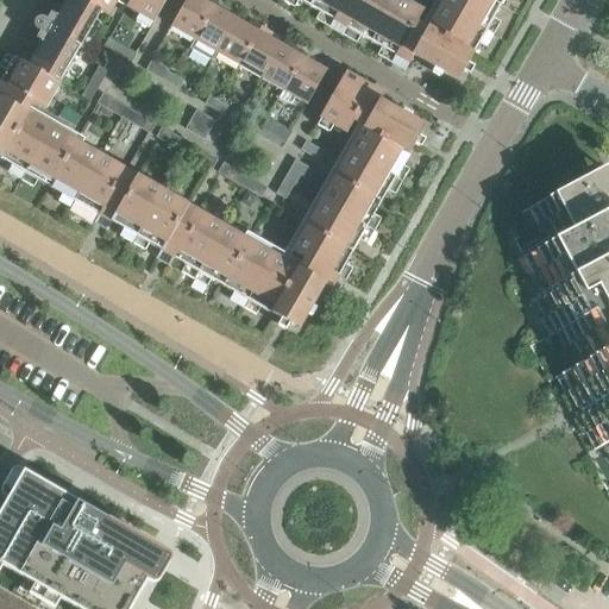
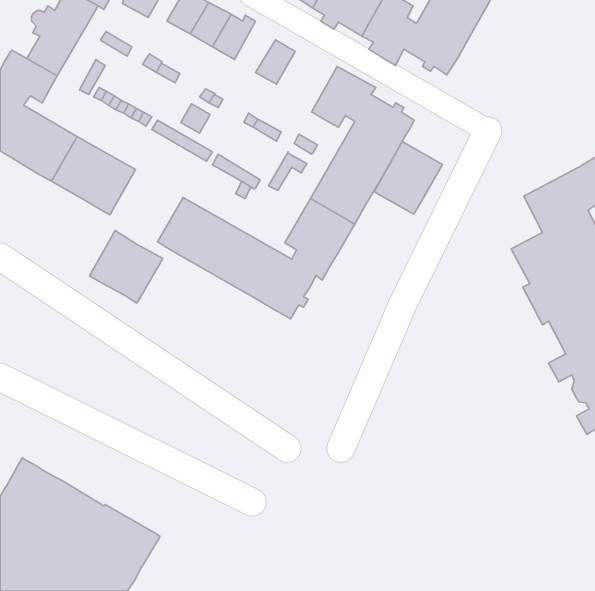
building: [240,21,282,74] -> none
building: [280,52,327,100] -> none
building: none -> [374,141,442,214]
building: [113,172,188,246] -> [89,230,163,303]

